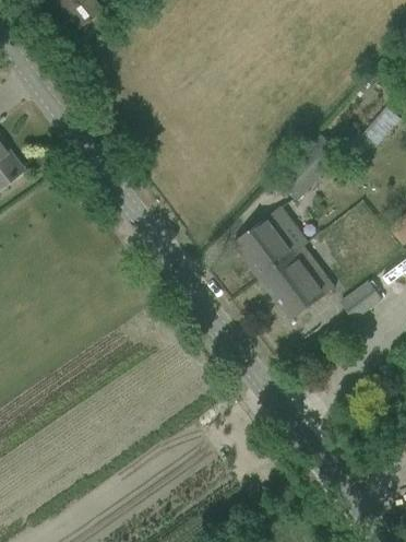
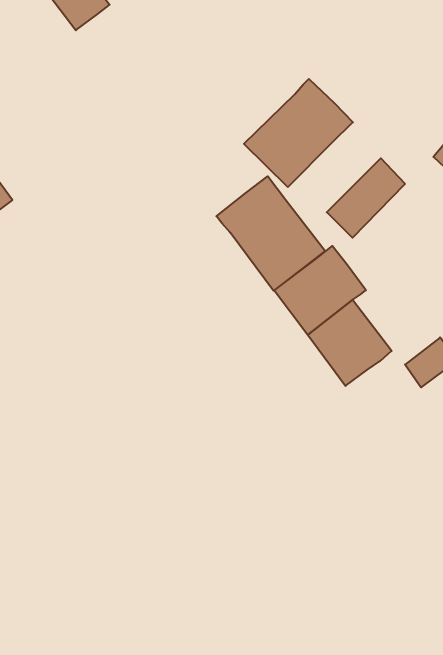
building: none -> [244,79,353,187]
building: none -> [216,176,325,291]

